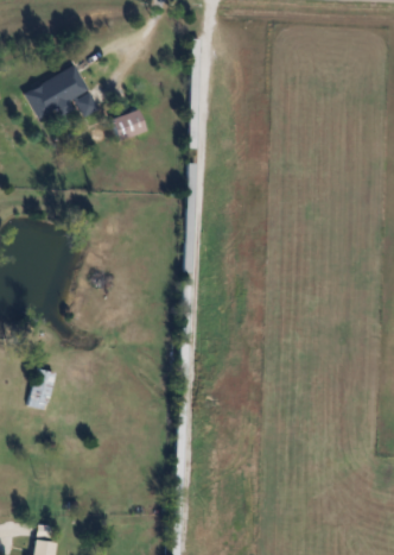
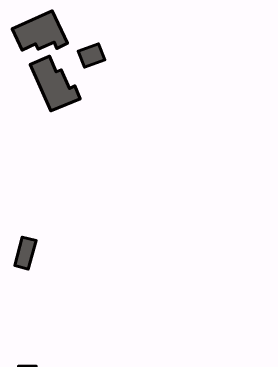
building: none -> [30,56,80,111]

